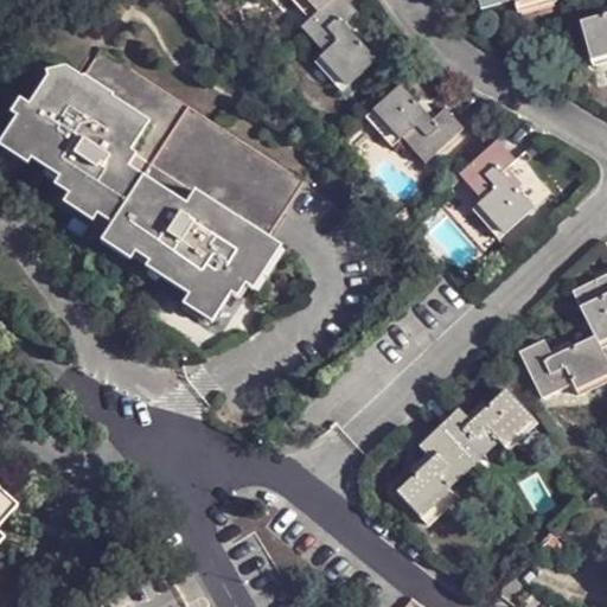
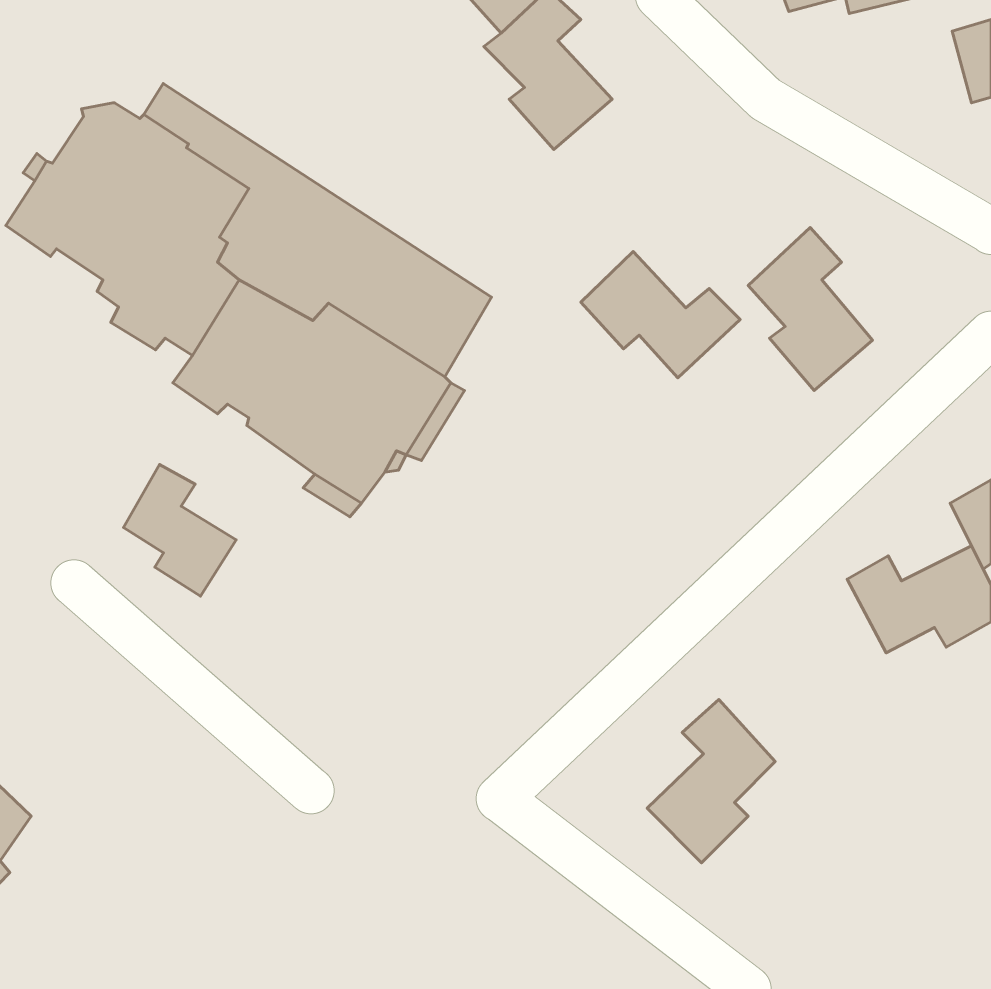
building: [363,87,460,164] -> [581,252,740,378]
building: none -> [124,464,236,596]
building: [439,389,536,465] -> none

